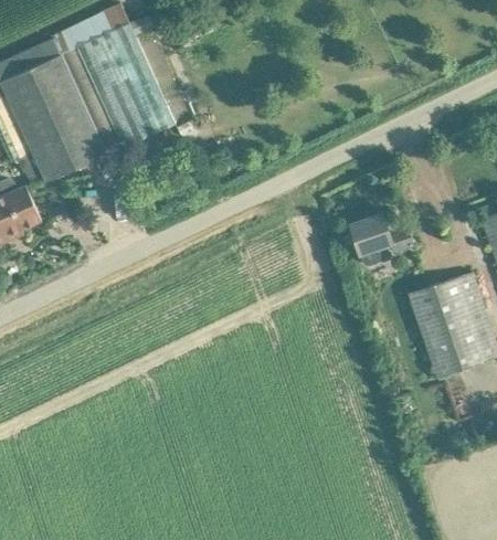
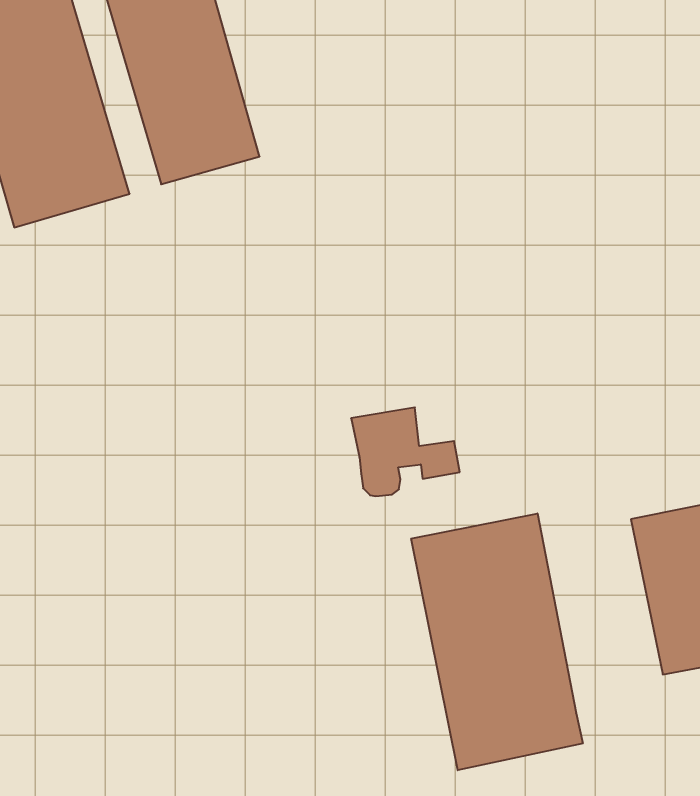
building: [349,213,413,265] -> [351,407,460,496]
building: none -> [411,513,583,770]

